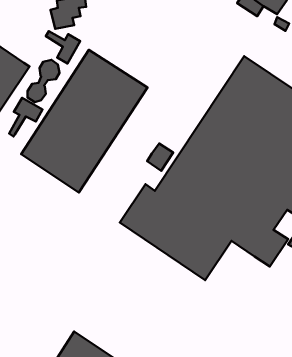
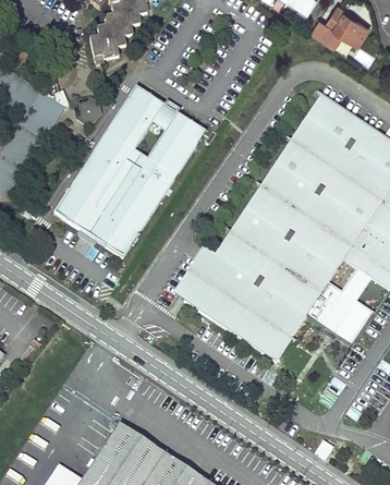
building: [46,31,80,63] -> none
building: [9,98,43,136] -> none
building: [147,144,173,171] -> none

